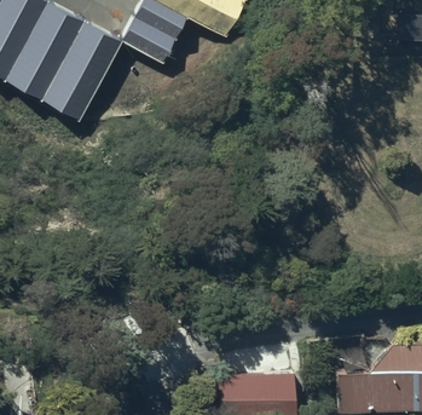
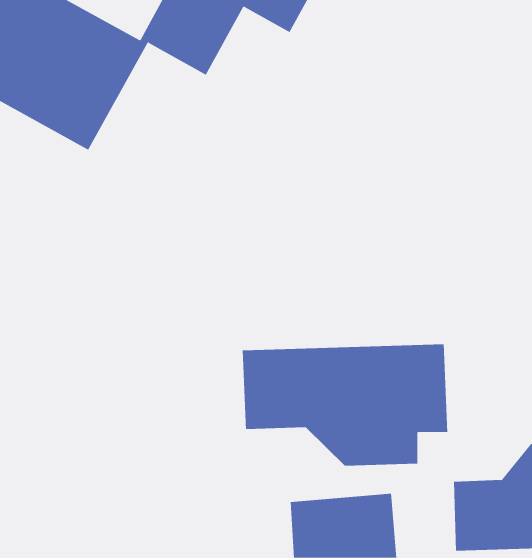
building: none -> [242,343,448,467]

